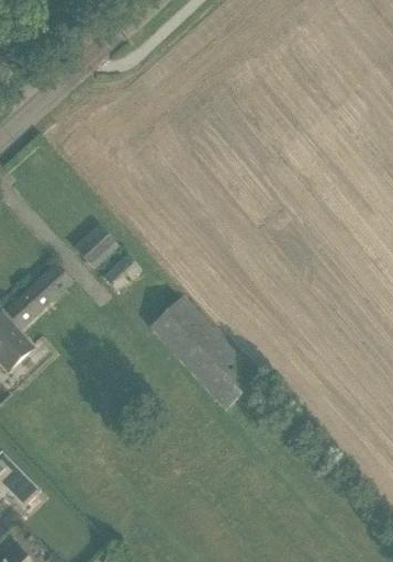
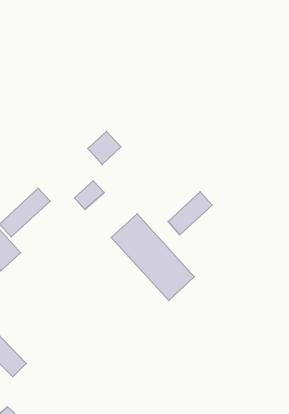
building: [72,224,115,267] -> [88,131,121,165]
building: none -> [168,192,212,235]

